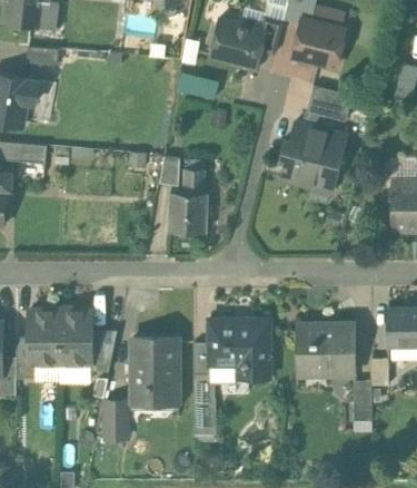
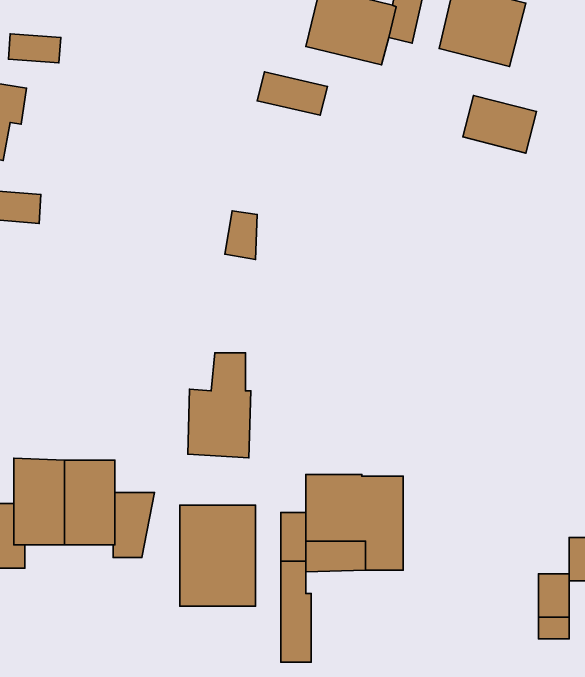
building: [279,123,346,192] -> none
building: [168,169,207,234] -> [188,353,251,458]
building: [297,323,355,374] -> none
building: [105,401,127,439] -> none

